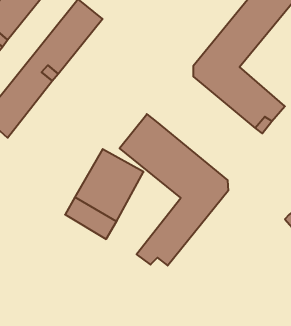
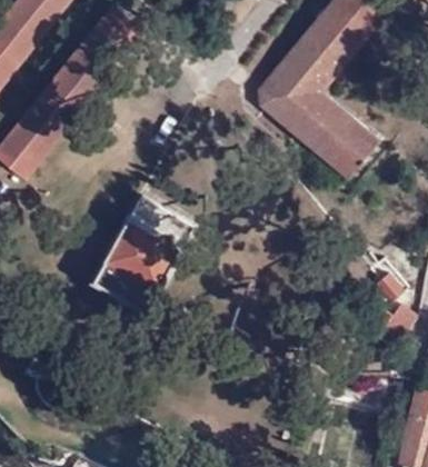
building: [120,114,228,266] -> none

